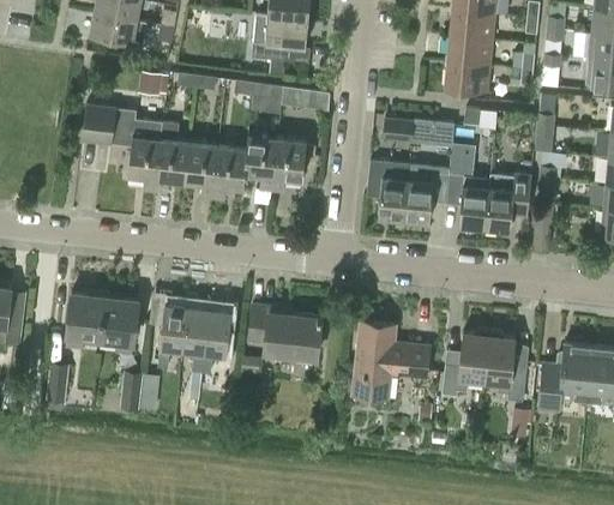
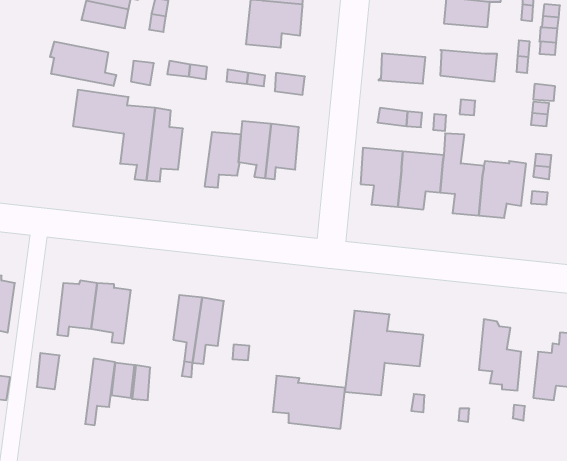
building: [446,37,493,67] -> [378,53,425,84]
building: none -> [50,42,116,86]
building: [186,142,219,199] -> none
building: [157,303,187,369] -> [85,359,115,425]
building: [249,307,321,360] -> [273,376,345,429]
building: [441,330,489,396] -> none

